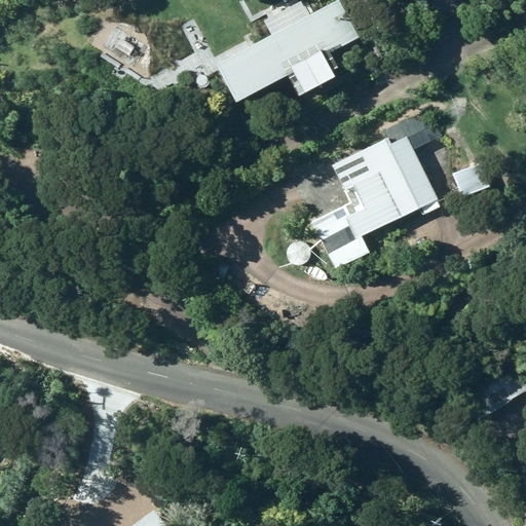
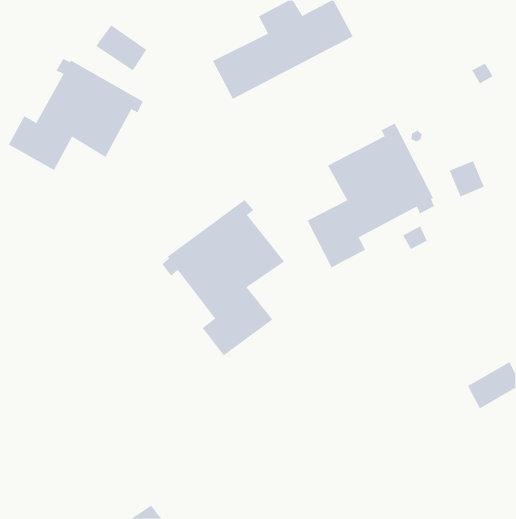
building: none -> [8,58,144,171]
building: none -> [161,199,285,356]

